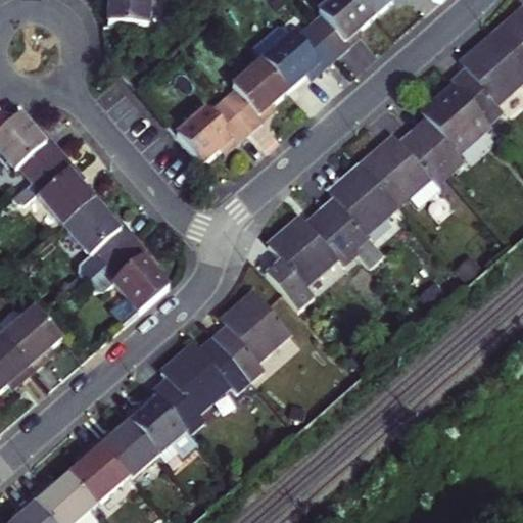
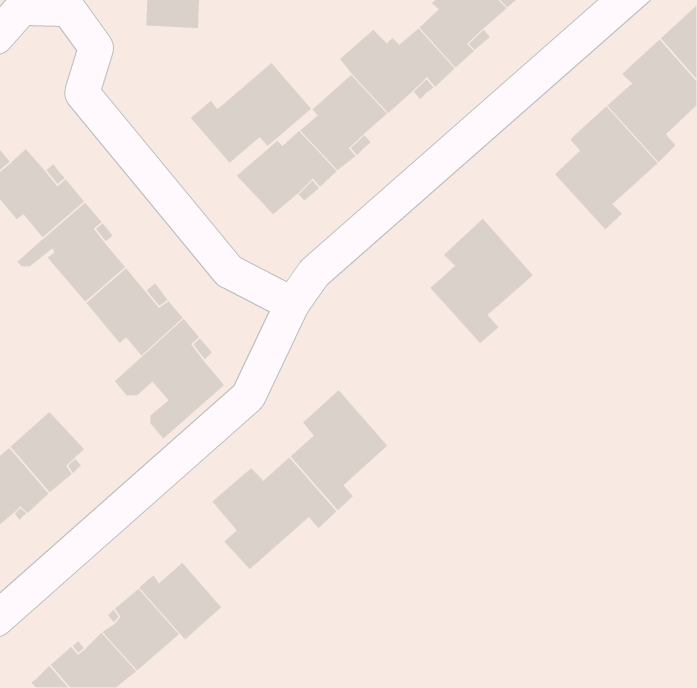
building: none -> [190,62,312,164]
building: [360,130,450,205] -> none
building: [259,215,358,303] -> none
building: [131,396,190,453] -> none

